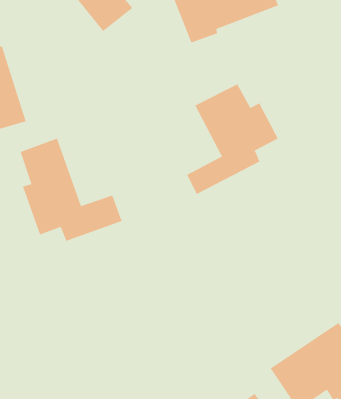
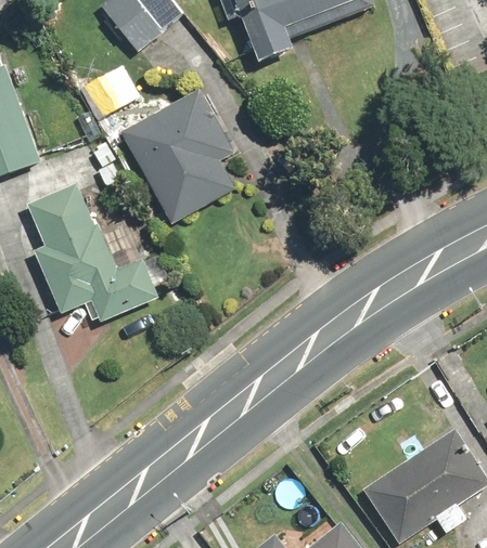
building: none -> [119,87,242,227]
building: [186,84,279,195] -> none

